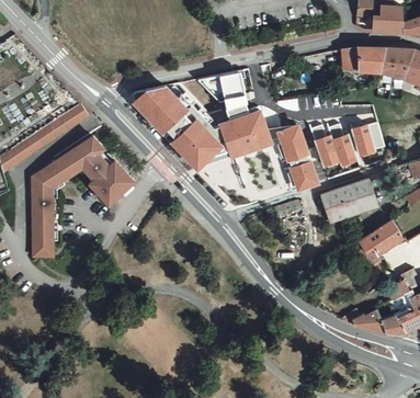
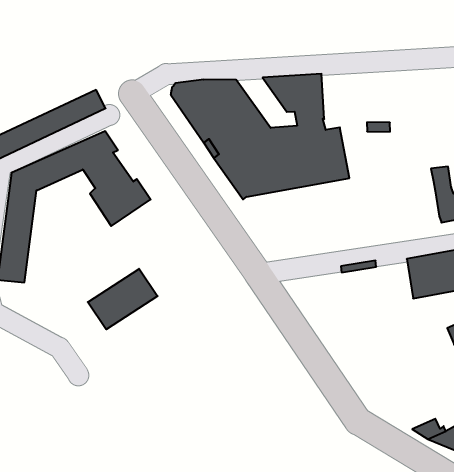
building: [310,126,339,167] -> none
building: [280,127,317,190] -> none
building: none -> [88,269,158,329]

